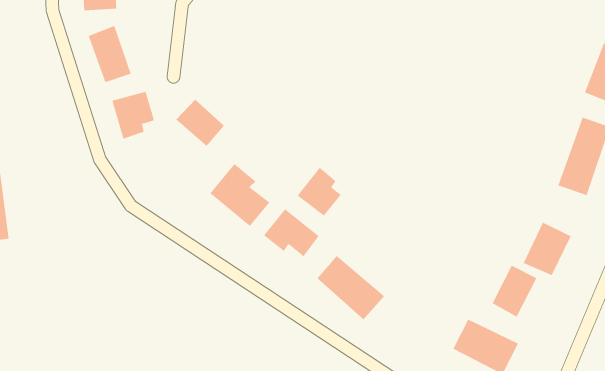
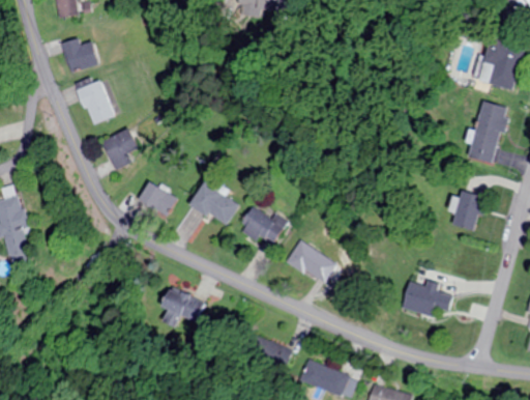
building: [176,99,225,147] -> [137,180,177,218]
building: [297,167,341,216] -> none
building: [492,265,537,318] -> none
building: none -> [159,287,205,326]

